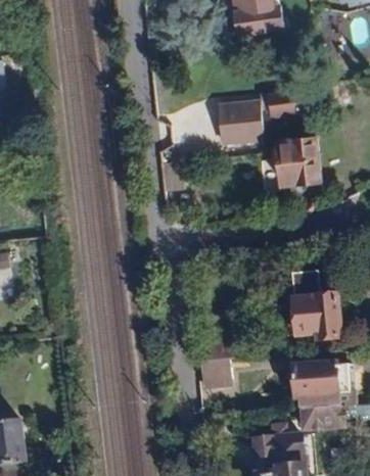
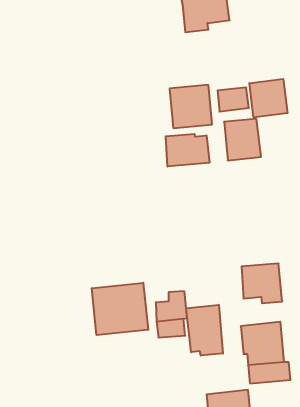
building: none -> [249,79,288,117]
building: none -> [166,134,209,167]
building: none -> [92,283,148,335]
building: none -> [186,305,223,356]

